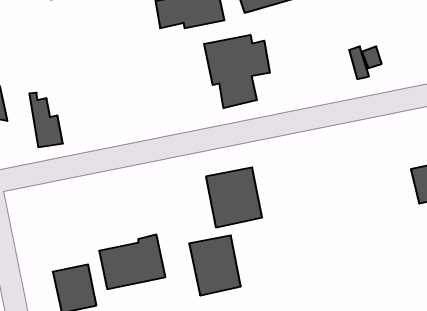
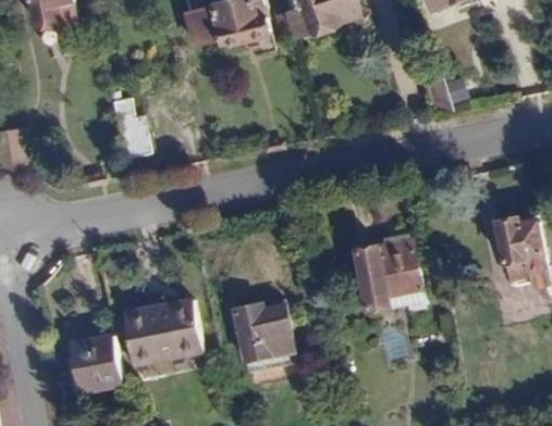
building: [204,35,270,108] -> none
building: [29,93,63,147] -> [110,89,150,154]
building: [206,167,262,227] -> [355,237,422,309]

